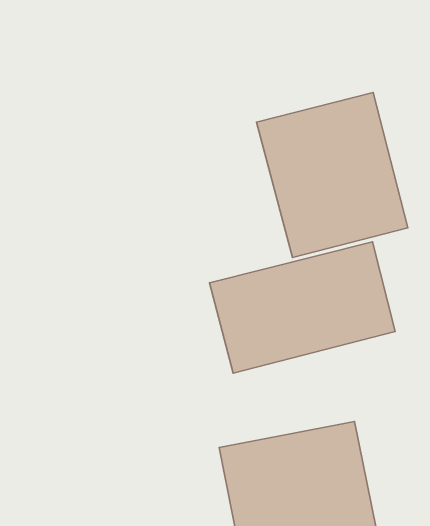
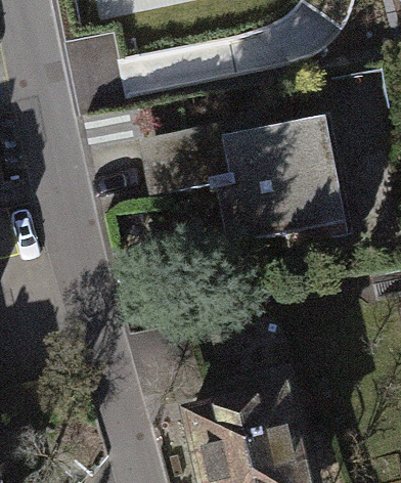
building: [210,242,395,373] -> none

